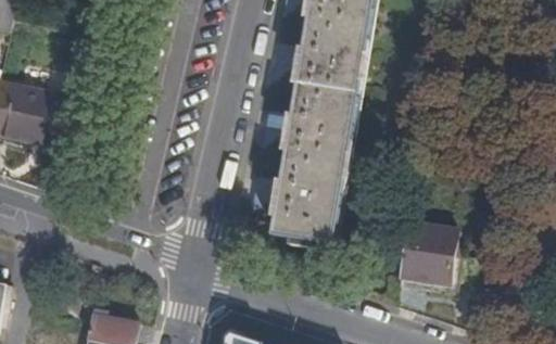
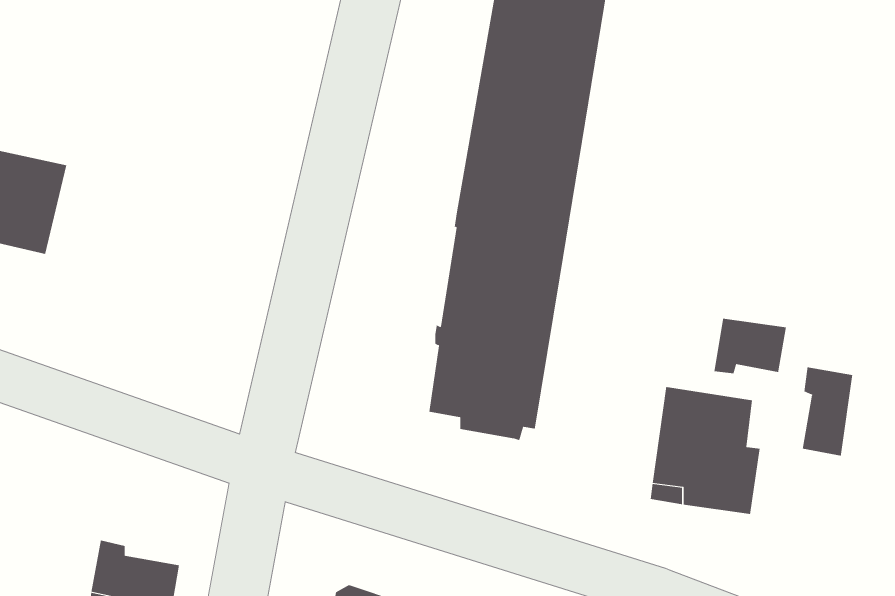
building: none -> [714,318,787,374]
building: none -> [802,366,853,457]

